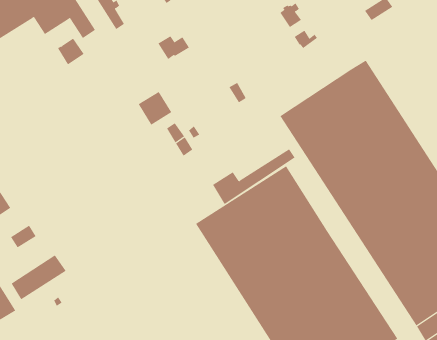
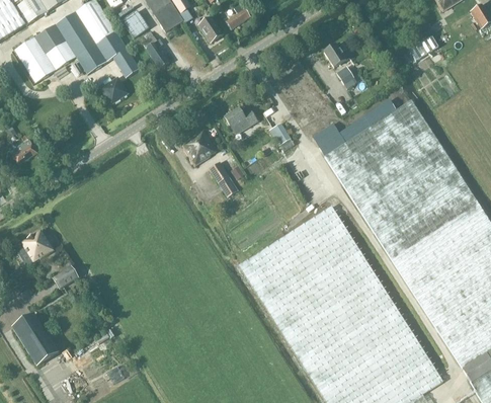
building: [158,36,190,60] -> [225,108,257,133]
building: [212,148,296,205] -> [312,99,396,156]
building: [11,255,66,300] -> none

